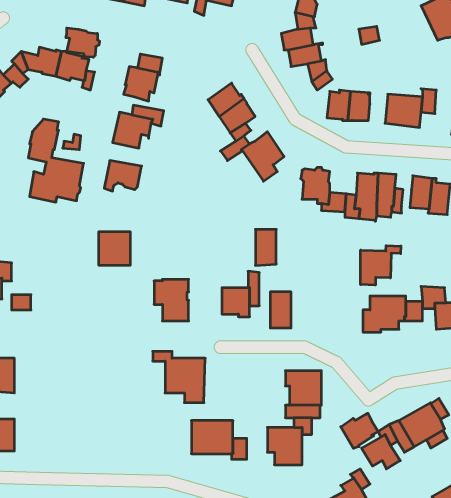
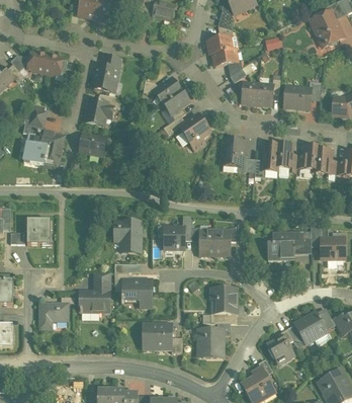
building: [66,28,100,57] -> none
building: [255,229,276,265] -> [214,230,230,256]
building: [99,232,130,265] -> [26,219,50,243]
building: [361,246,401,285] -> none
building: none -> [78,274,109,313]
building: none -> [39,303,68,328]
building: [341,413,378,448] -> none

